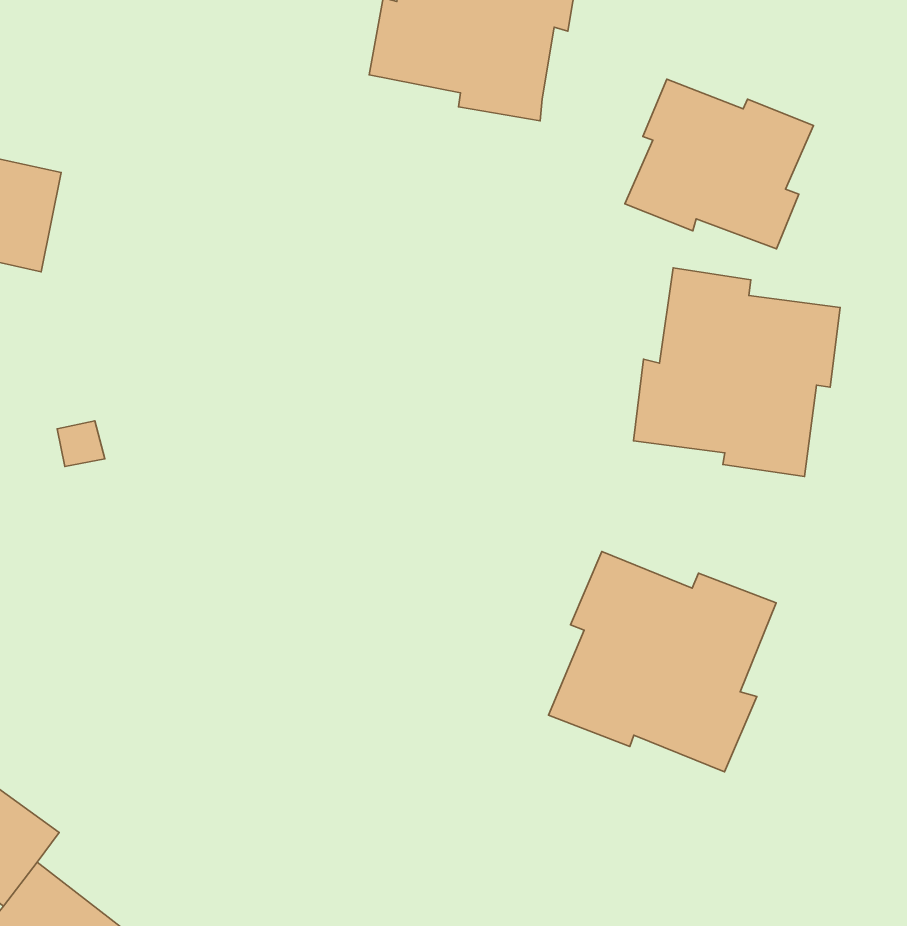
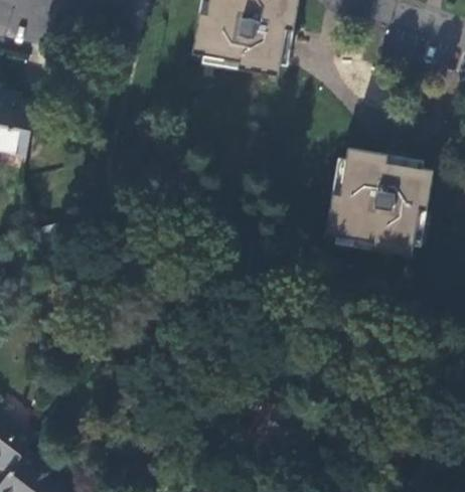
building: [625,79,814,249] -> none
building: [548,551,776,772] -> none

